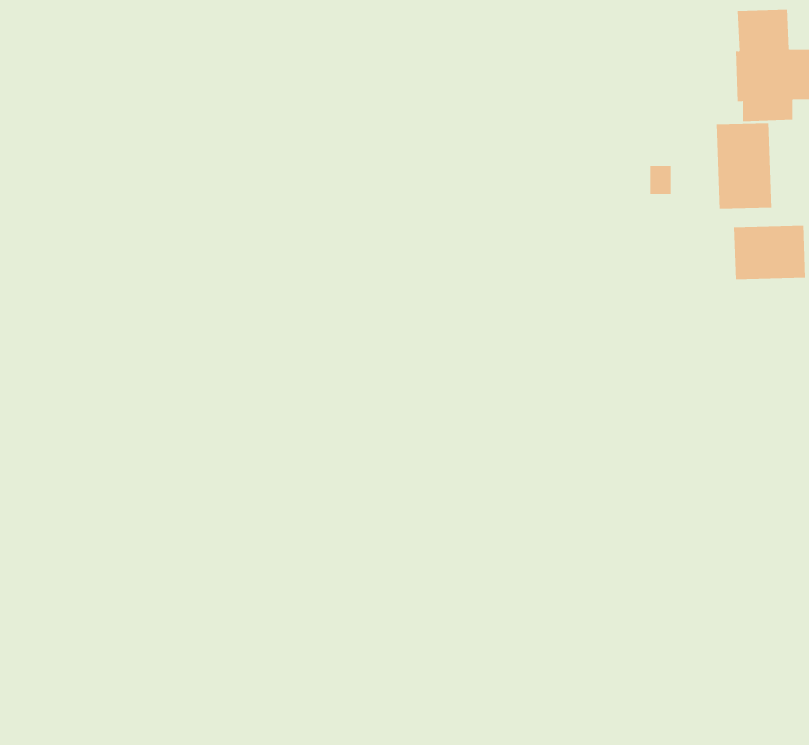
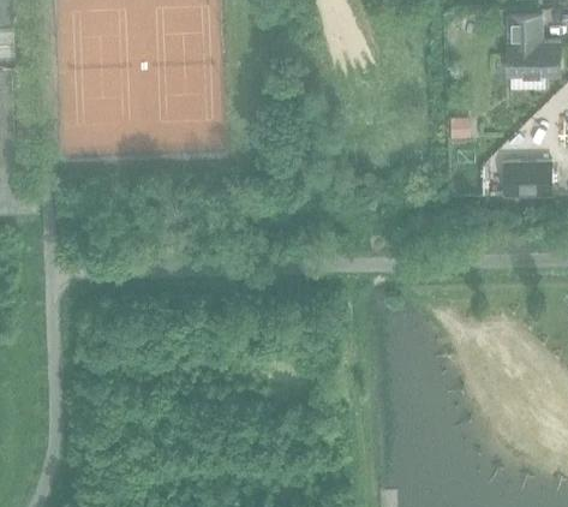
building: [716,122,772,209] -> none

